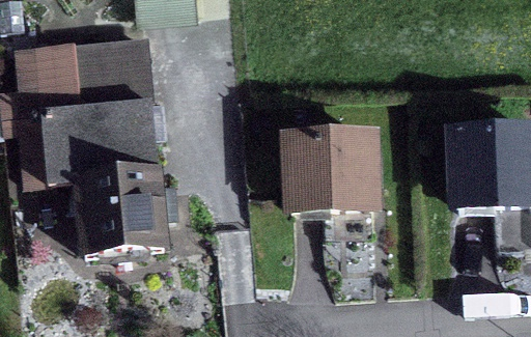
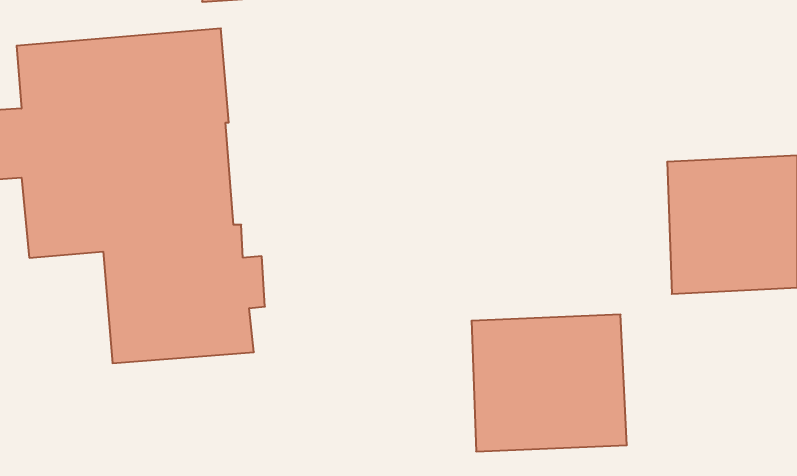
building: [280,127,383,217] -> [471,315,627,451]

